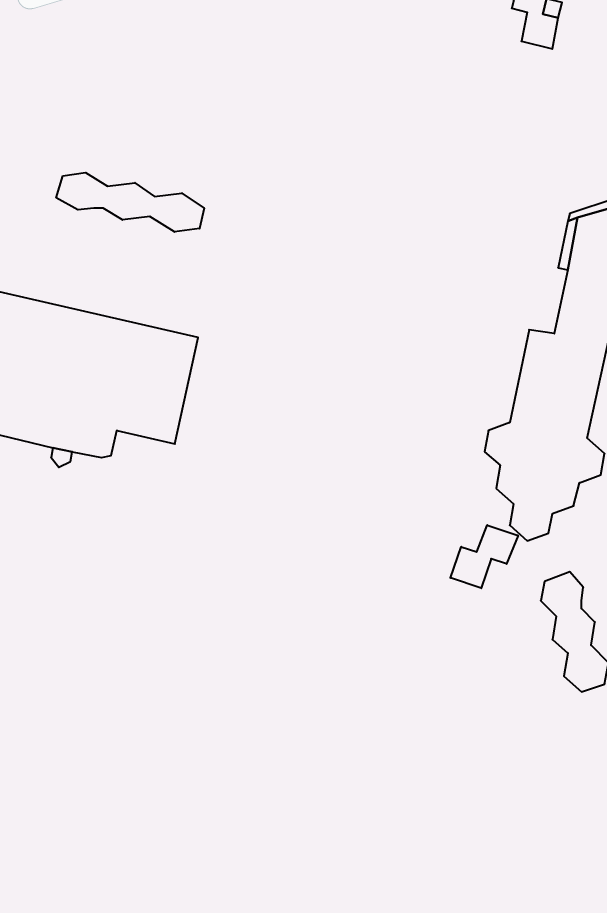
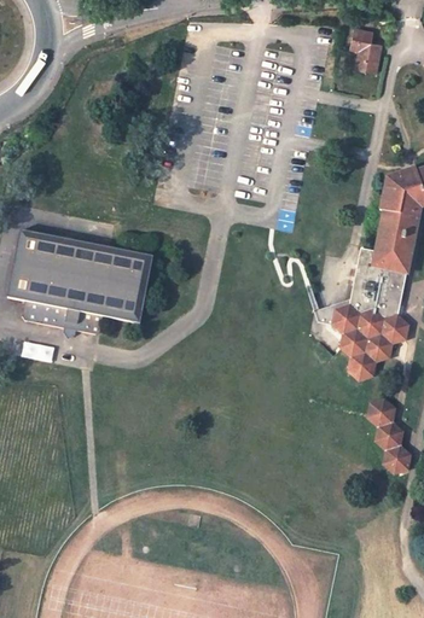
building: [56,173,204,232] -> none
building: [450,525,518,588] -> none

